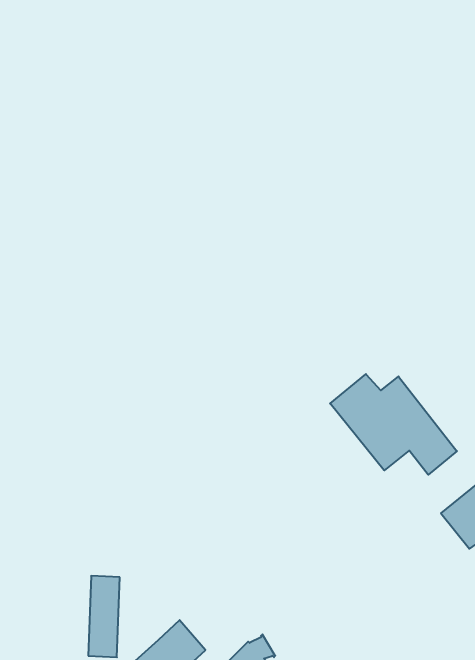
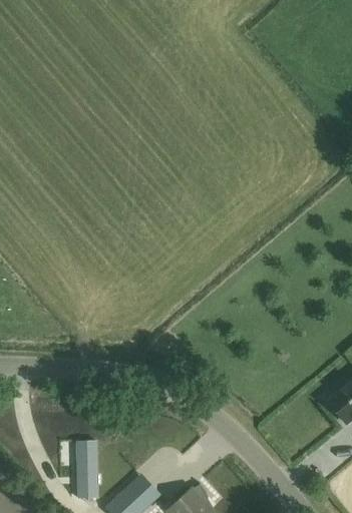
building: [330,374,457,475] -> none

